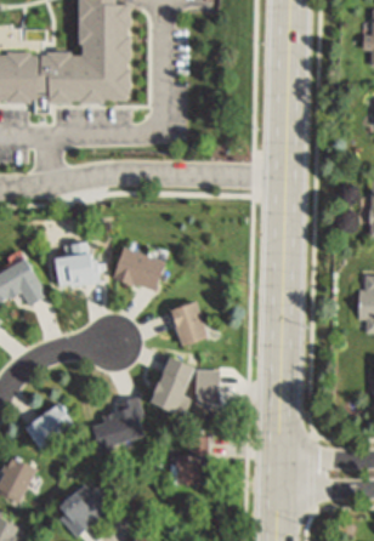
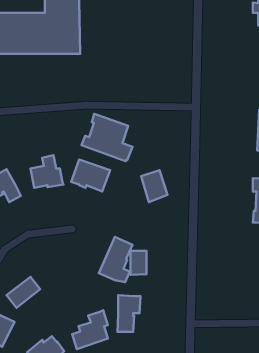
building: none -> [81,114,132,161]
building: [170,304,206,348] -> [141,170,168,202]
building: [93,395,142,449] -> [72,310,108,349]

